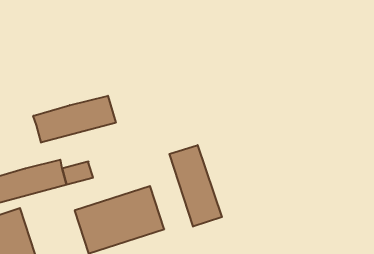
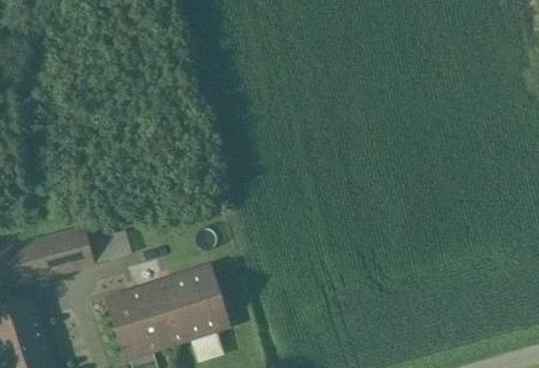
building: [33,96,116,143] -> none
building: [169,145,222,227] -> none

